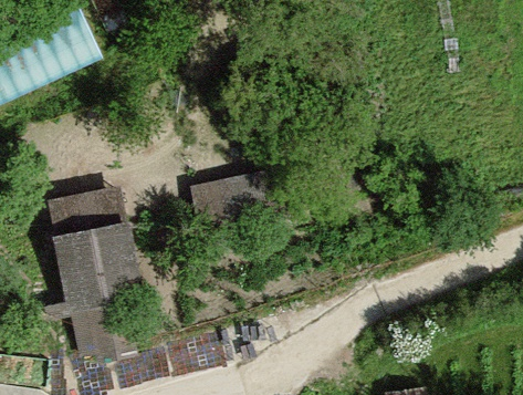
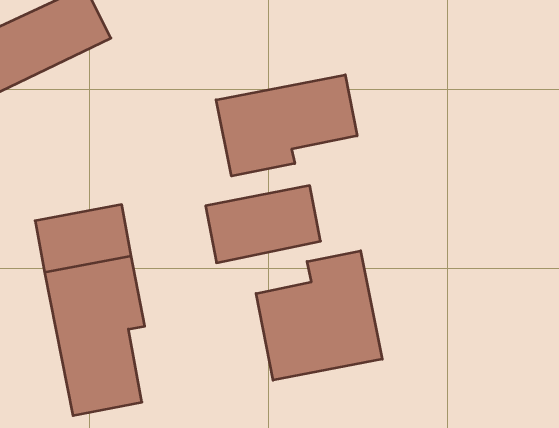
building: none -> [216,75,357,176]
building: none -> [256,251,382,380]

